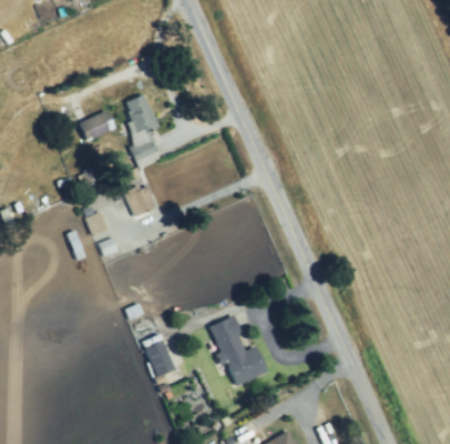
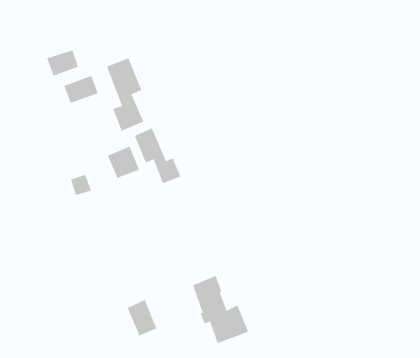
building: none -> [47,50,79,76]
building: none -> [134,128,181,184]

